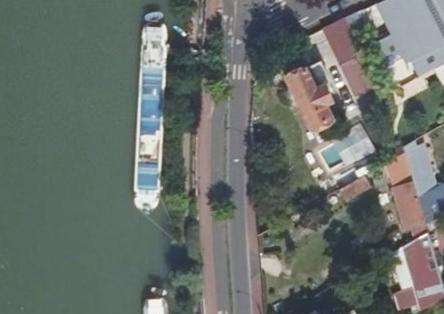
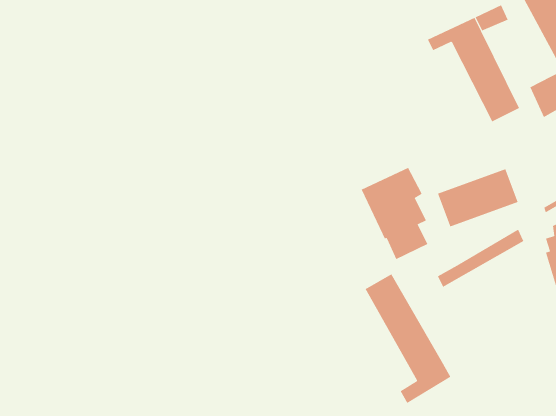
building: [285,61,333,127] -> [361,167,428,260]
building: none -> [365,274,451,404]

